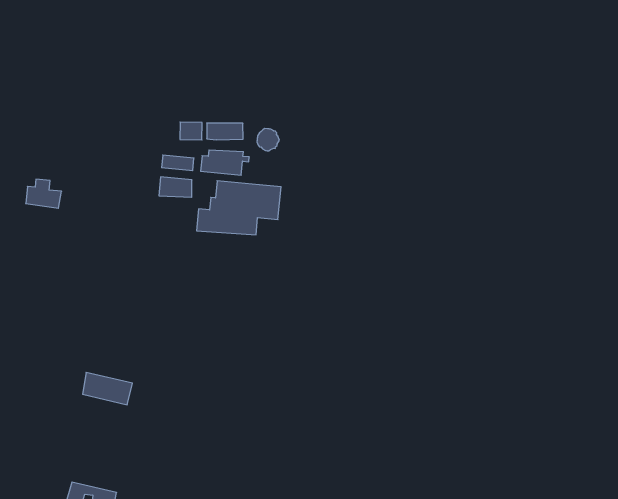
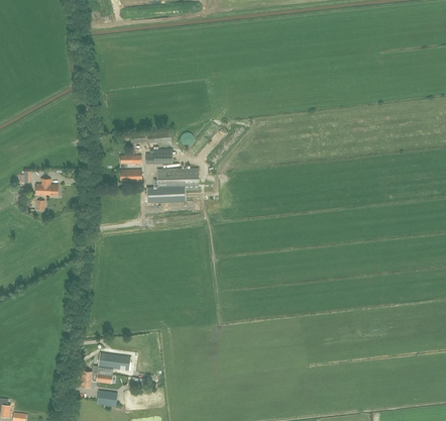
building: [83,372,132,405] -> [99,351,130,370]

